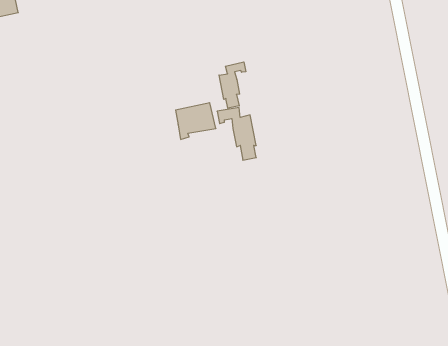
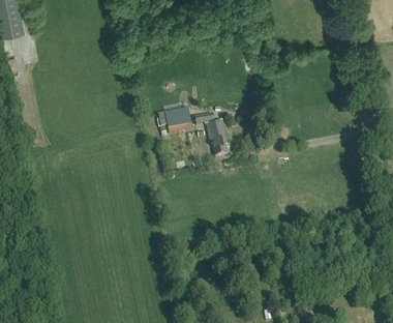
building: [219,62,246,108] -> none

